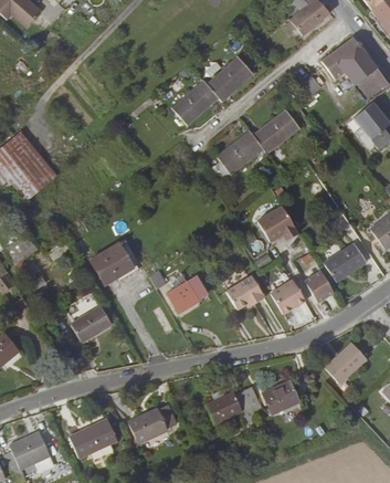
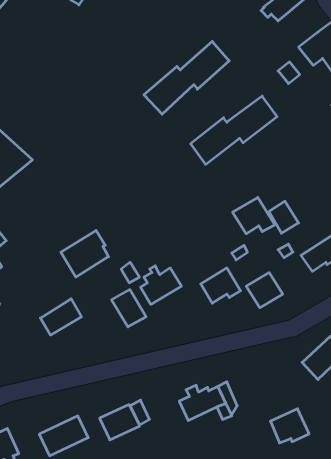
building: [305,271,334,302] -> [269,201,299,233]
building: none -> [112,290,146,327]
building: [263,380,301,413] -> [270,409,309,443]

